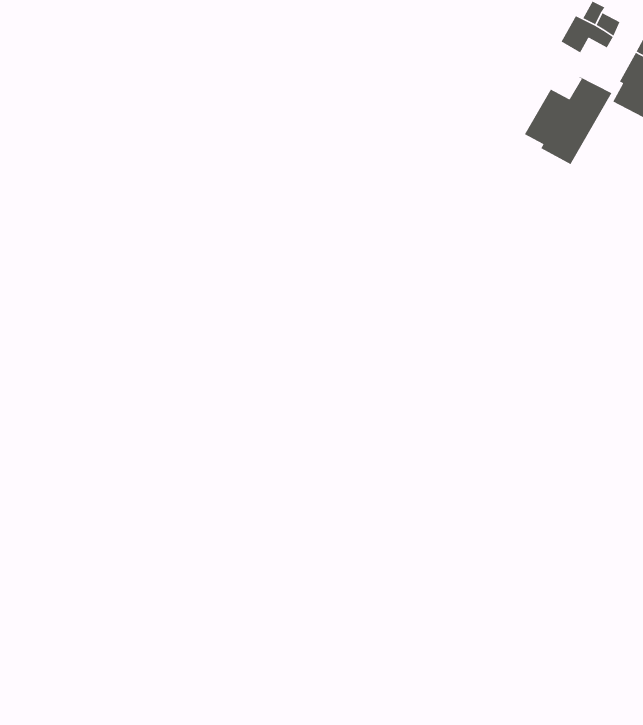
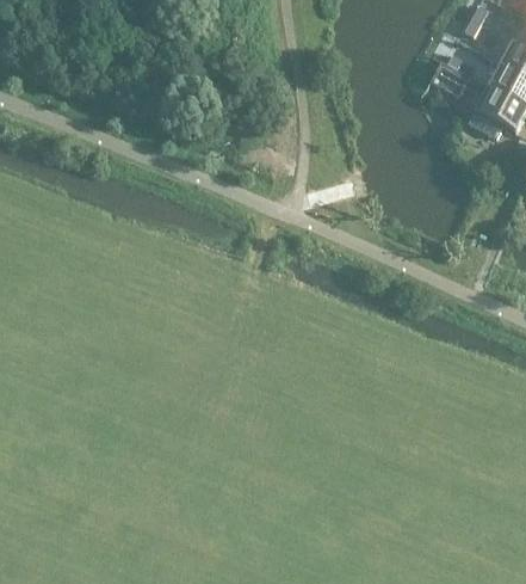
building: [524,76,612,165] -> none

